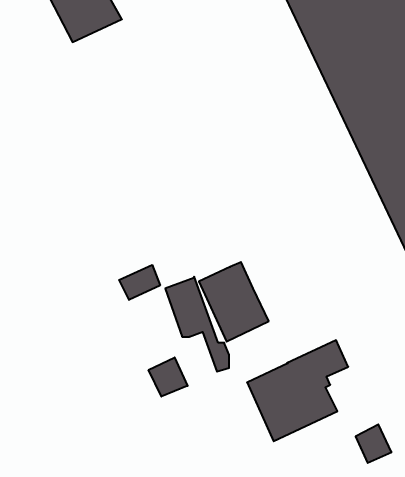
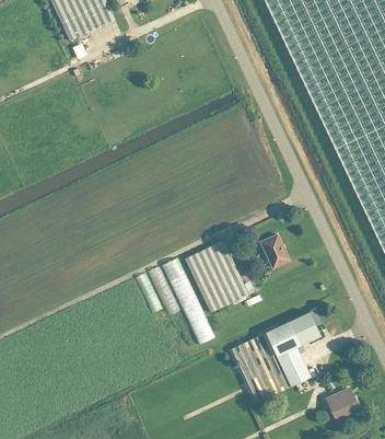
building: none -> [261,235,290,268]
building: [119,265,160,300] -> none
building: [149,357,188,397] -> none

